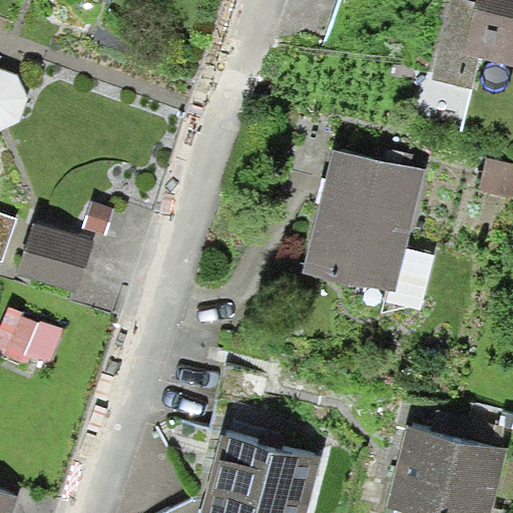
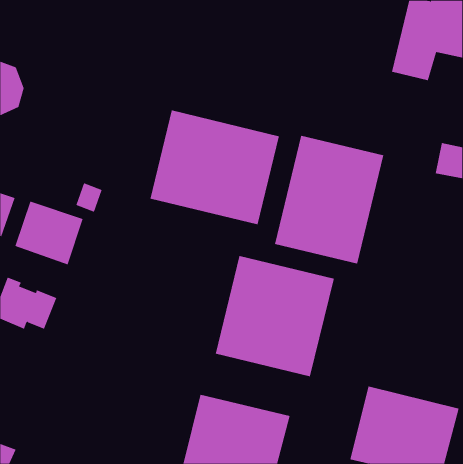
building: none -> [150,109,280,225]
building: none -> [215,255,334,377]

